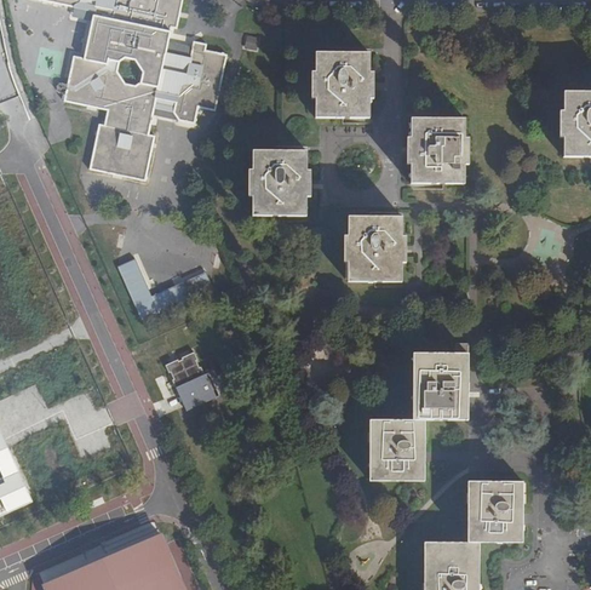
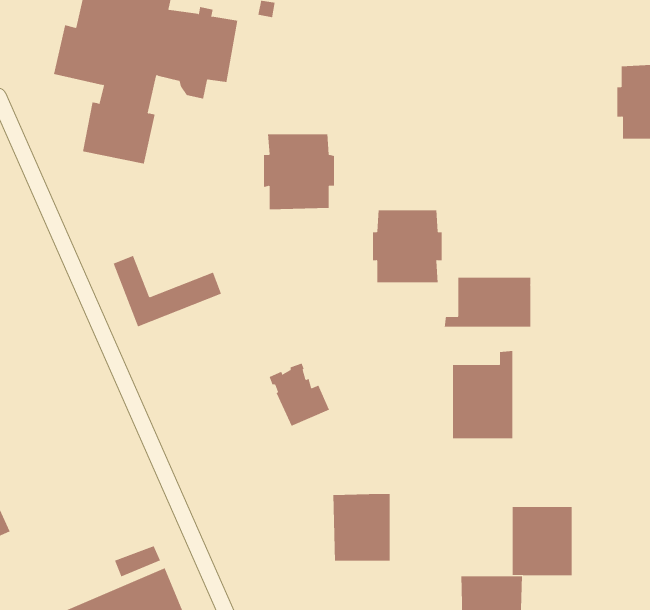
building: [310,51,375,116] -> none
building: [406,116,469,181] -> none
building: none -> [444,277,531,328]
building: [166,351,219,407] -> [269,363,330,426]
building: [372,419,423,479] -> [333,493,391,561]

